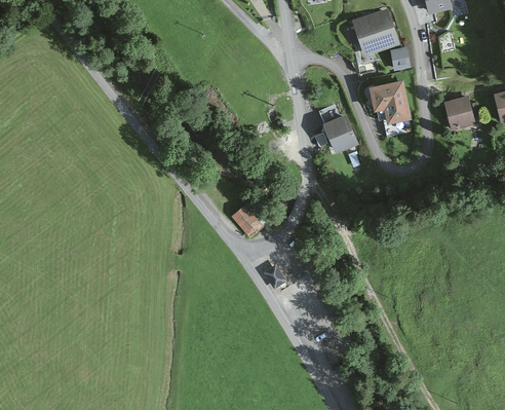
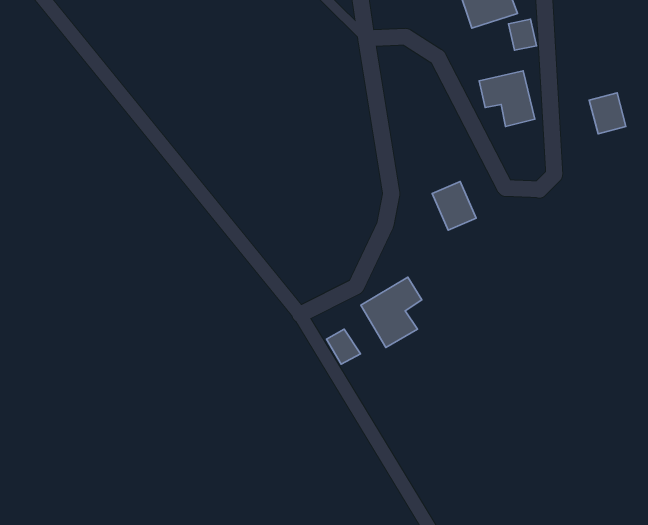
building: [324,117,355,151] -> [432,182,476,230]
building: [233,207,261,235] -> none
building: none -> [361,277,422,347]

